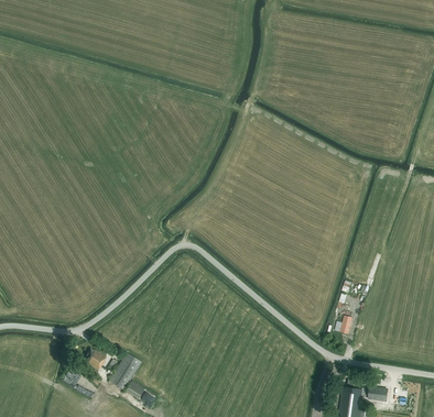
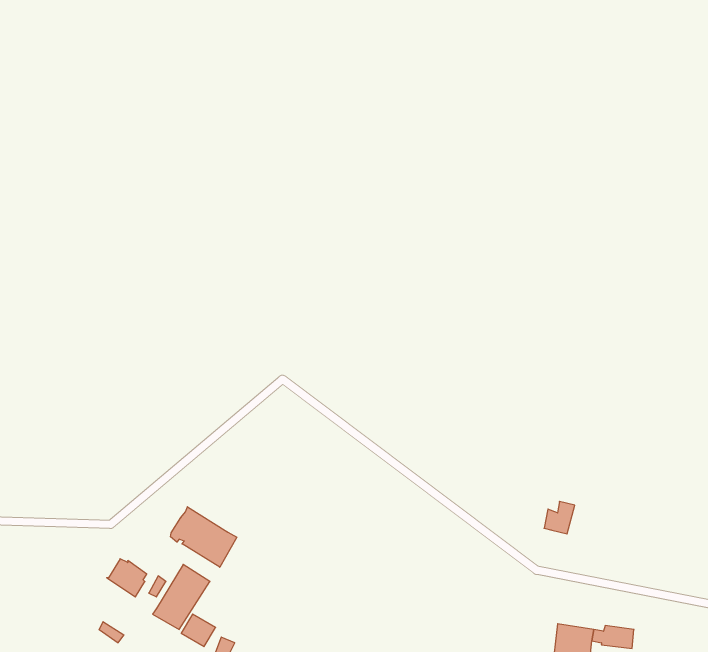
building: none -> [170,507,237,567]

